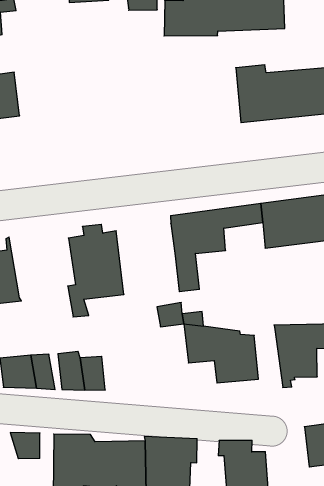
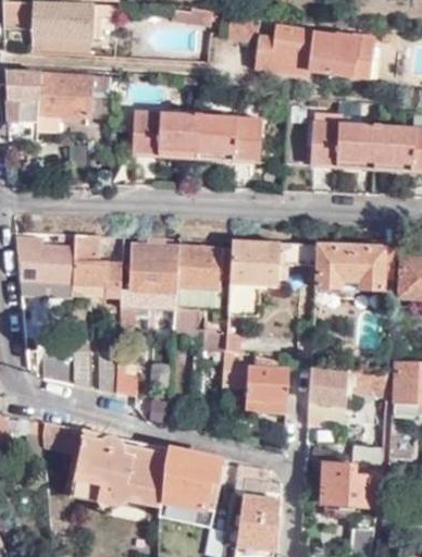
building: none -> [135,110,262,159]
building: none -> [171,246,228,337]
building: none -> [72,234,121,295]

